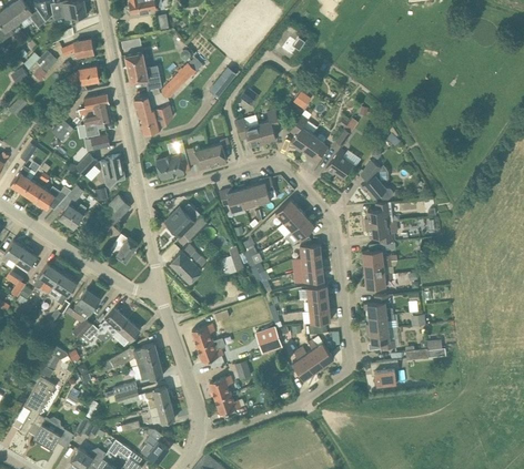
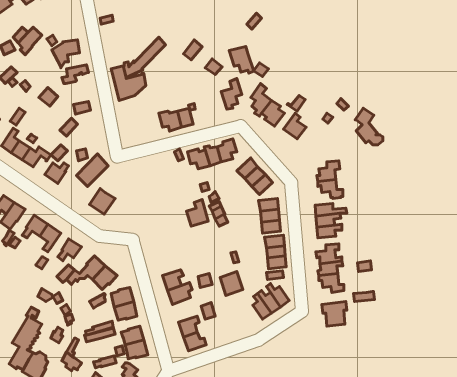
building: [58,35,92,58] -> none
building: [124,54,162,98] -> none
building: [82,104,110,137] -> none
building: [235,118,263,147] -> [229,46,254,73]
building: [100,155,124,188] -> none
building: [155,155,190,180] -> none
building: [361,161,392,202] -> [355,108,383,145]
building: [164,204,201,237] -> none
building: [169,245,206,284] -> none

